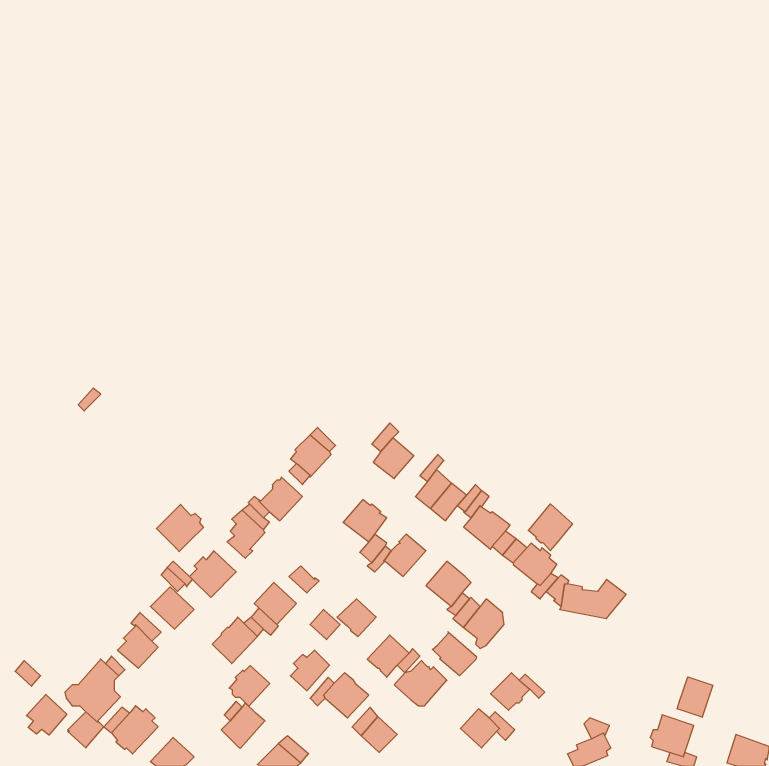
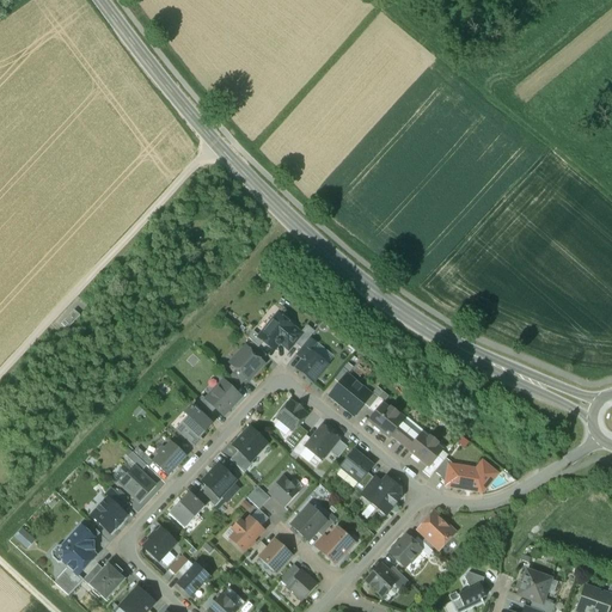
building: none -> [258,313,300,348]
building: [528,504,573,551] -> none
building: [156,504,203,552] -> none
building: none -> [233,426,267,460]
building: [432,632,476,676] -> none
building: none -> [420,513,453,546]
building: [229,666,270,706] -> [143,527,176,559]
building: [677,677,713,717] -> none
building: [26,694,67,735] -> none

